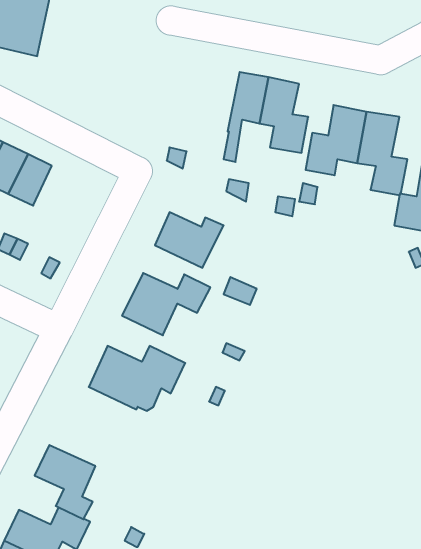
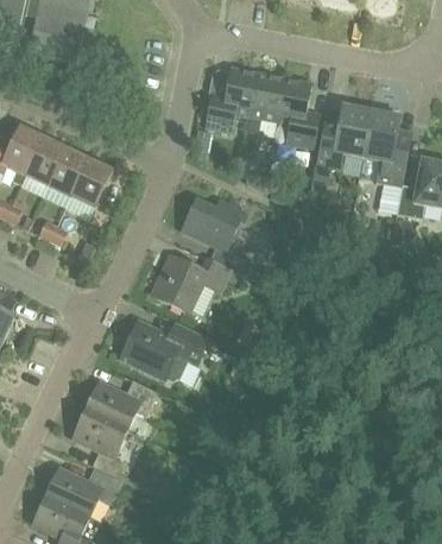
building: none -> [203,69,257,132]
building: none -> [71,159,110,205]
building: none -> [86,379,157,429]

